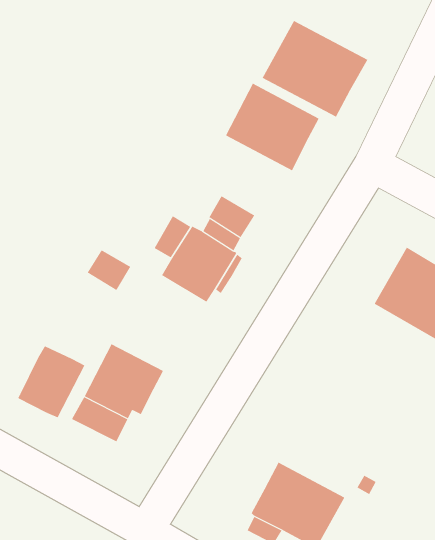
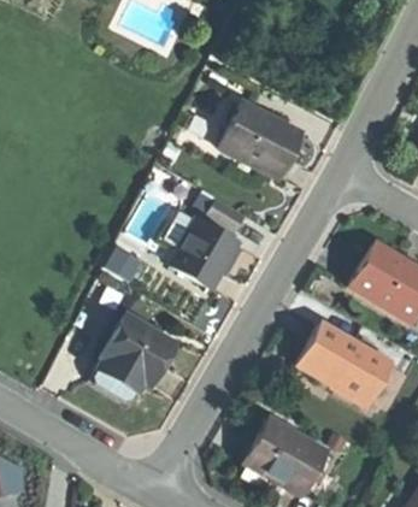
building: [262,20,368,117] -> none
building: [18,345,85,418] -> none
building: none -> [298,323,390,403]

